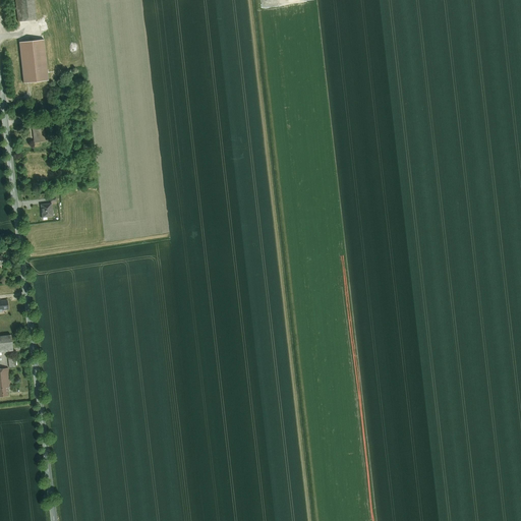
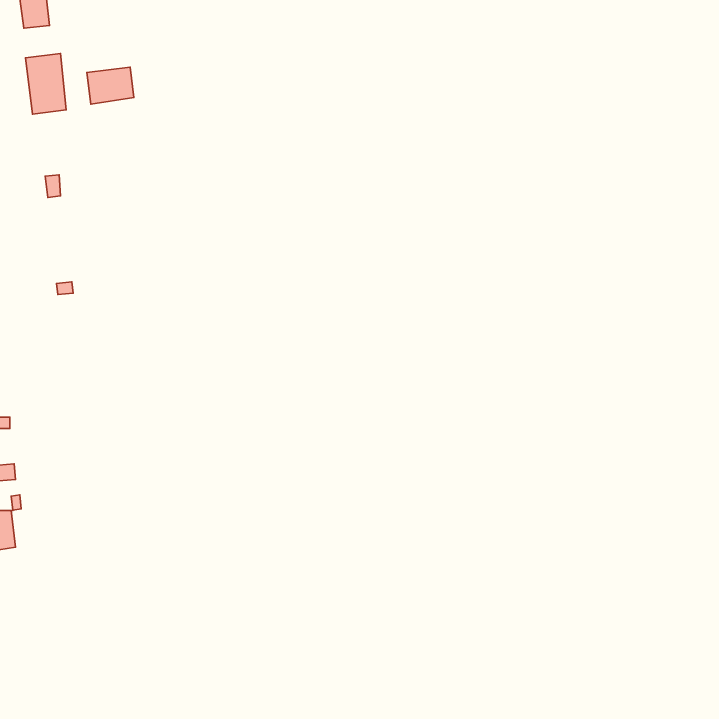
building: none -> [87,67,134,104]

